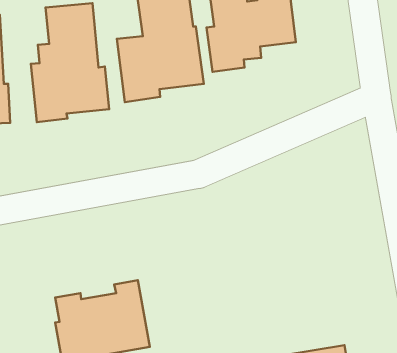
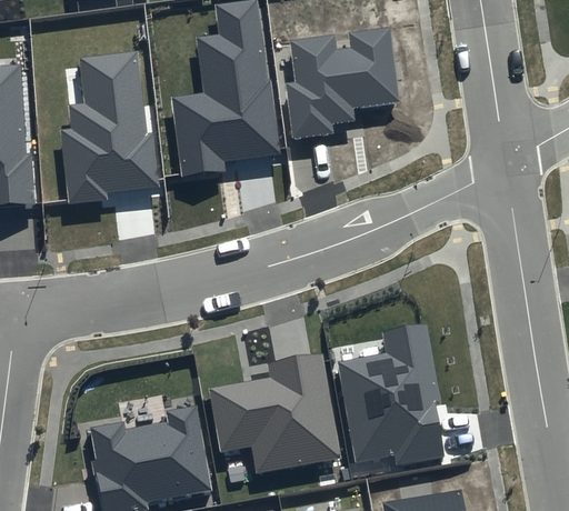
building: none -> [338,324,445,465]
building: none -> [209,353,341,472]

